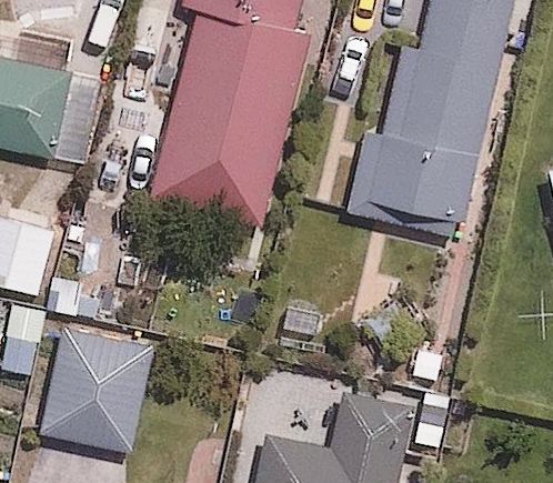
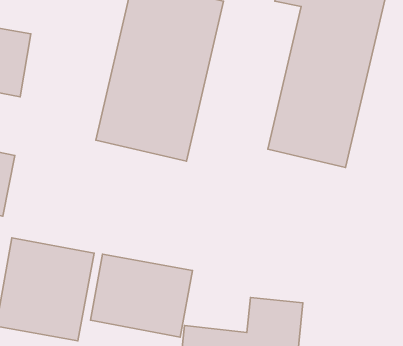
building: none -> [90,254,192,337]

